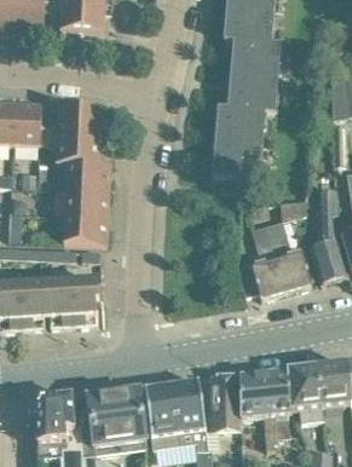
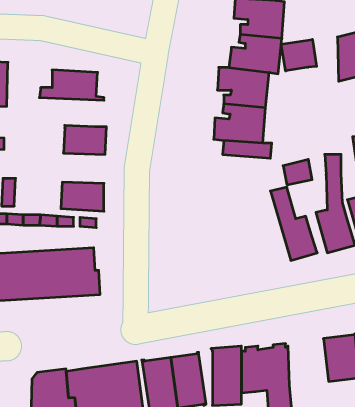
building: none -> [281,39,317,71]
building: [15,99,42,143] -> none
building: [46,133,108,162] -> none
building: [68,186,109,215] -> none
building: [237,223,287,296] -> none
building: [288,364,323,419] -> none

